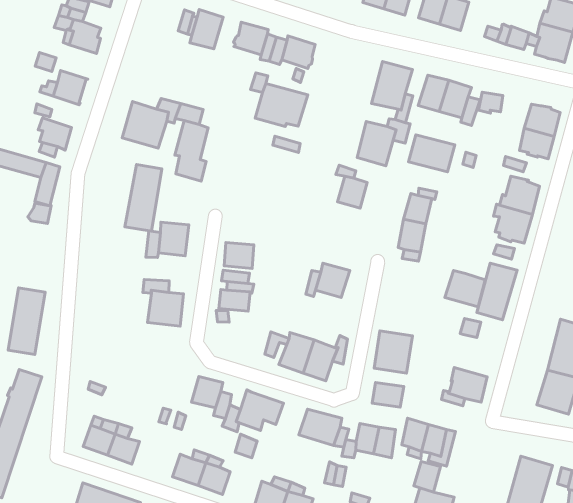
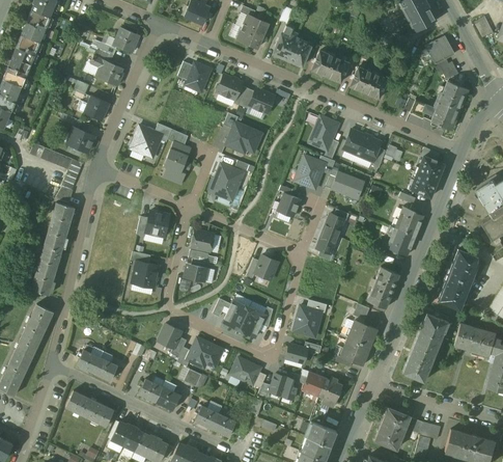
building: none -> [211,162,245,200]
building: [125,164,162,231] -> [44,202,75,251]
building: [445,270,485,307] -> [347,320,378,348]

